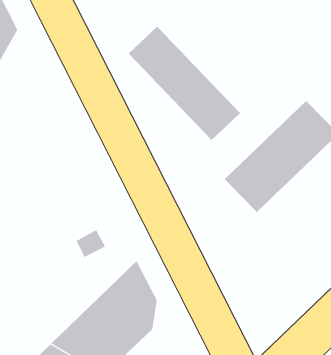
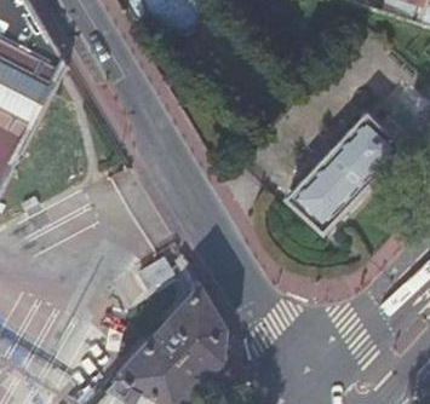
building: [128,26,241,141] -> none

